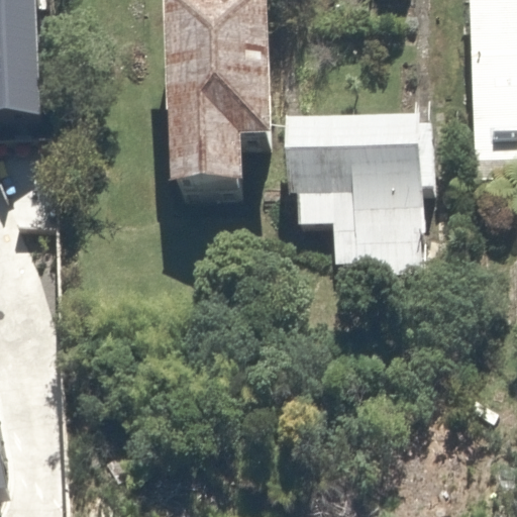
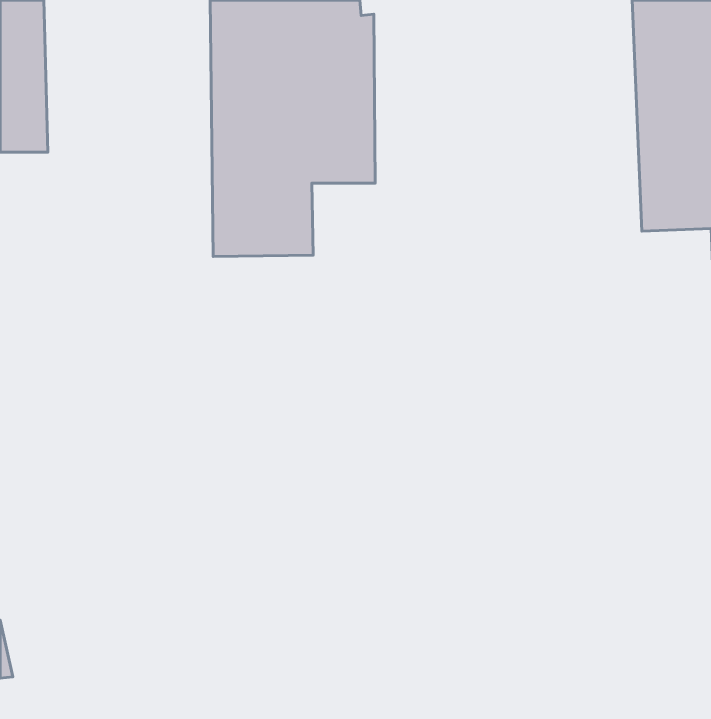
building: [287,112,425,263] -> none

